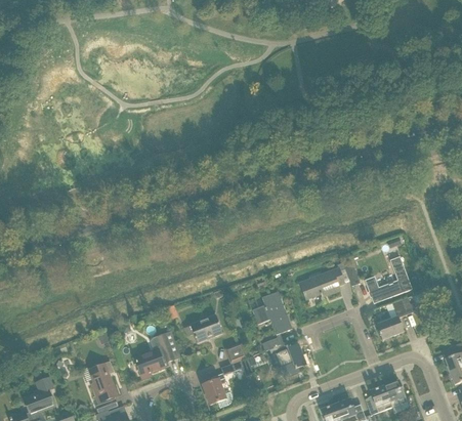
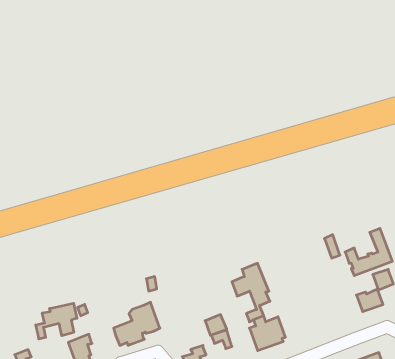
building: [300,268,344,298] -> none
building: [190,312,222,342] -> none
building: none -> [36,303,77,339]

